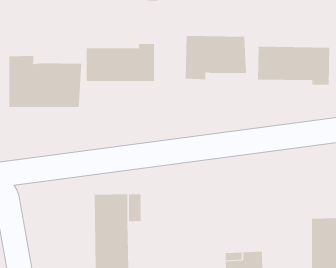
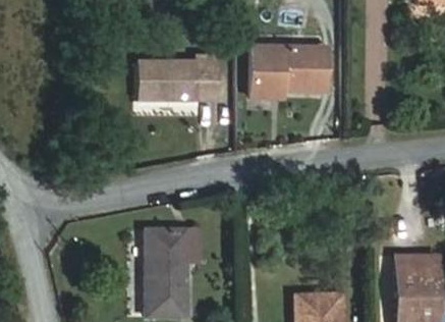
building: [258,46,330,86] -> none
building: [9,55,82,108] -> none

